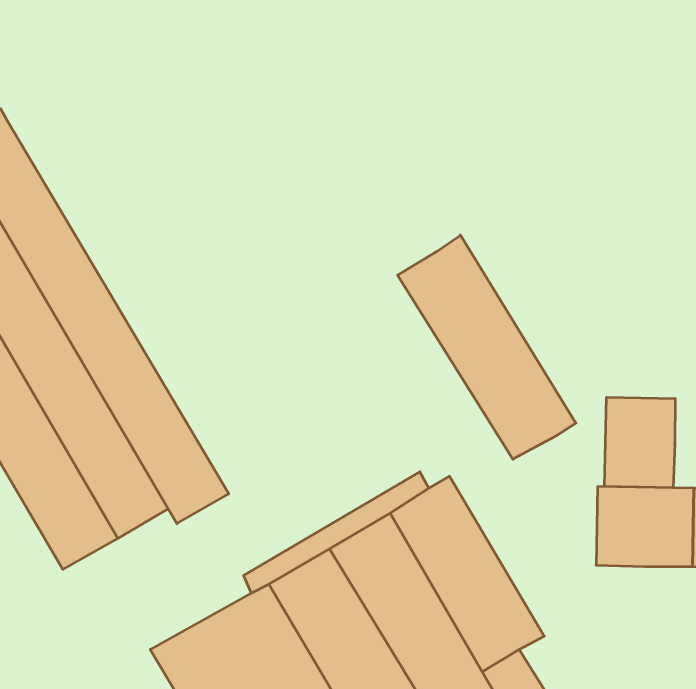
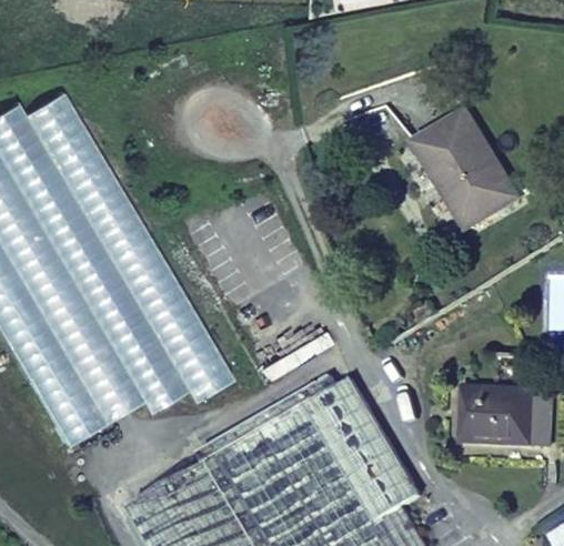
building: none -> [21,91,228,401]
building: none -> [411,104,524,232]
building: [398,235,576,459] -> none
building: [605,397,675,488] -> none

